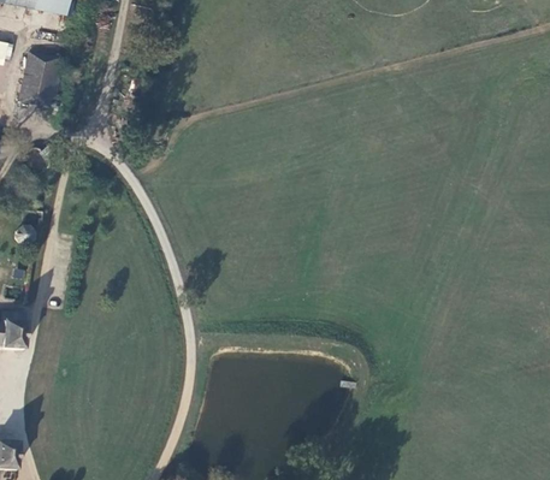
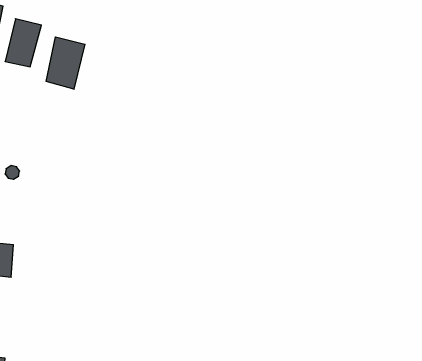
building: none -> [46,37,85,89]

